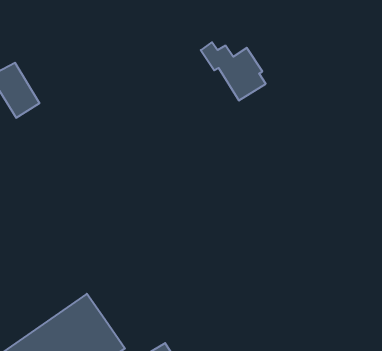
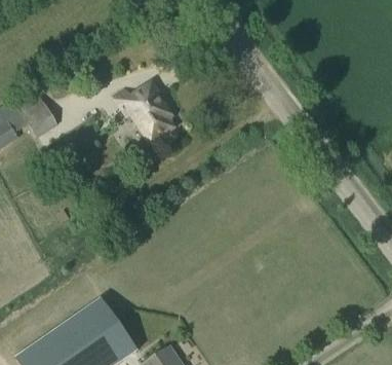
building: [201,42,266,100] -> [114,88,173,142]

